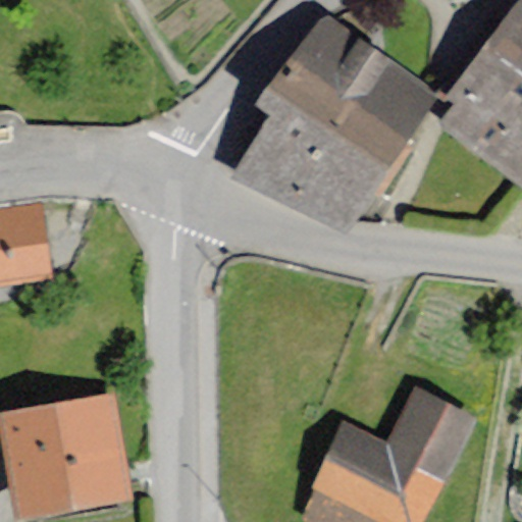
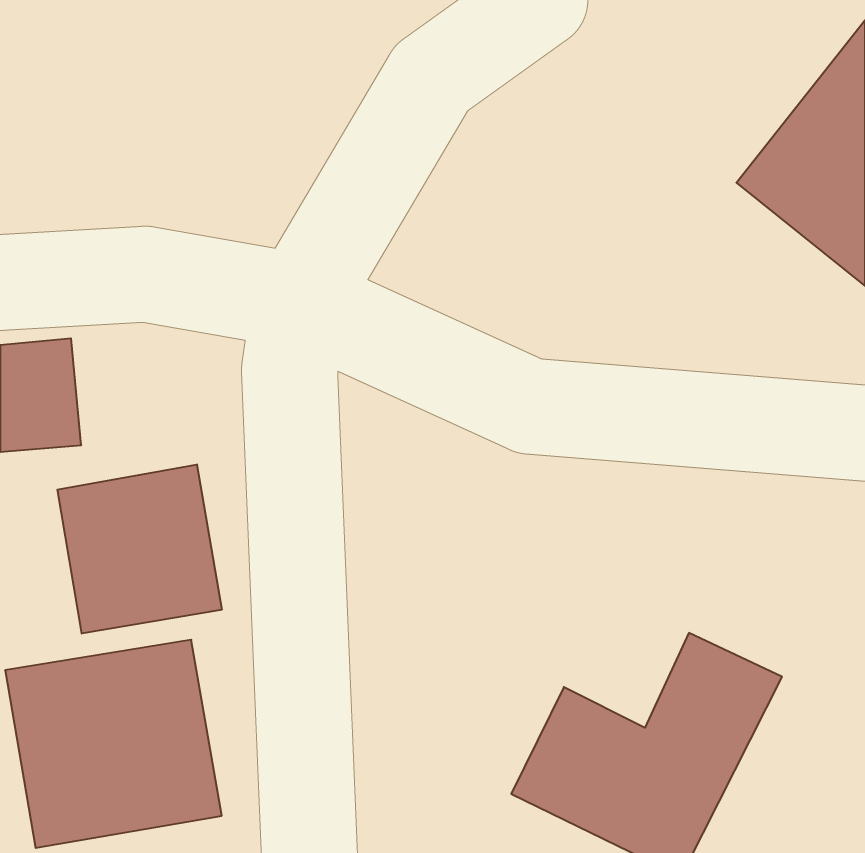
building: [239,28,416,226] -> none
building: none -> [57,464,222,634]

